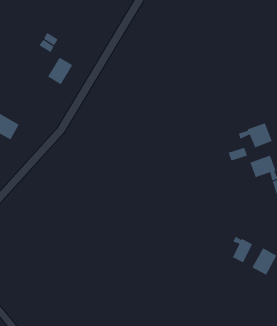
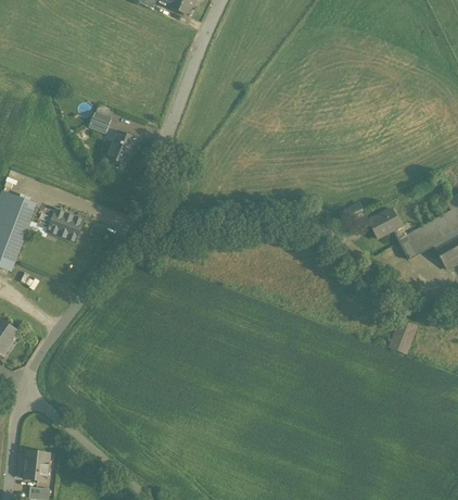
building: [238,122,272,148] -> none
building: [232,236,253,263] -> none

